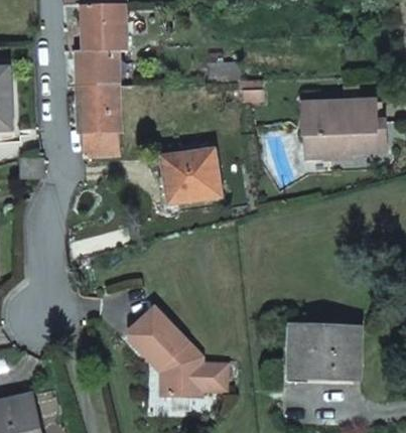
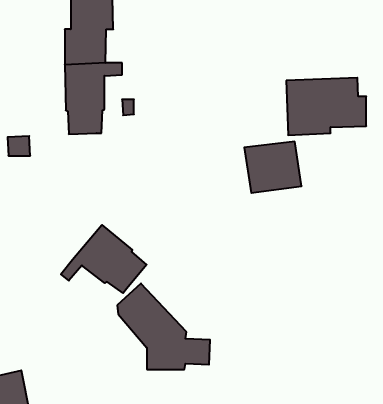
building: [162,149,221,201] -> [244,142,302,193]
building: none -> [61,225,147,293]
building: [290,325,359,376] -> none

